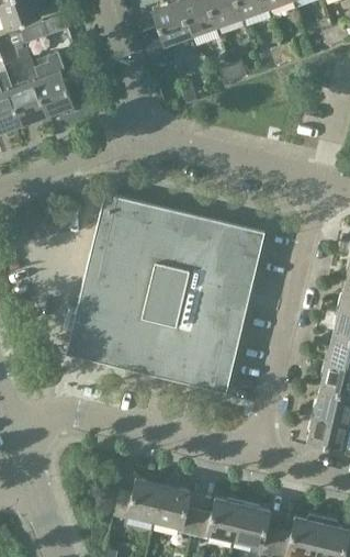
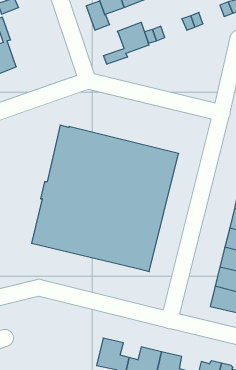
building: [33,52,72,115] -> none
building: none -> [104,22,149,64]
building: [113,477,162,521] -> none

